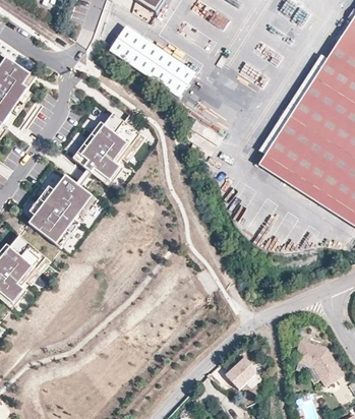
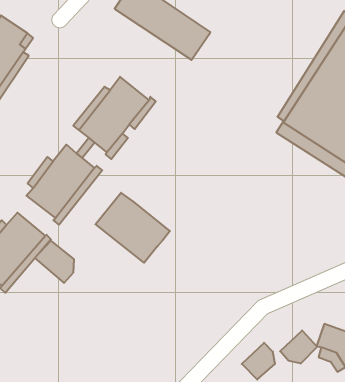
building: none -> [95,193,170,263]
building: none -> [35,241,74,283]
building: none -> [280,330,317,364]

